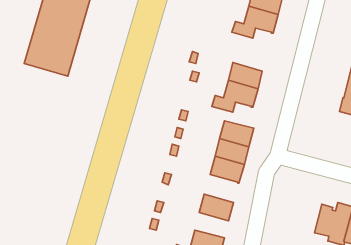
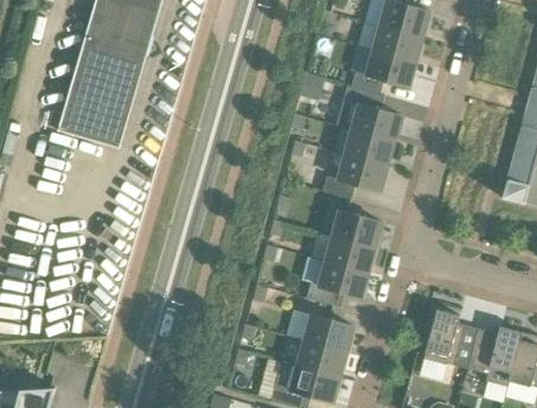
building: none -> [351,103,399,140]
building: none -> [423,308,477,368]
building: none -> [298,339,345,375]

